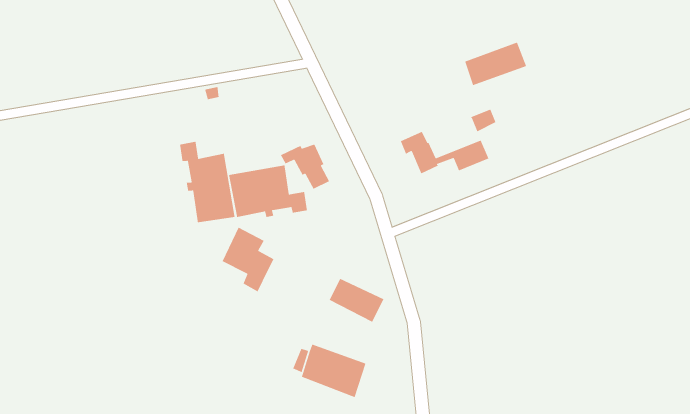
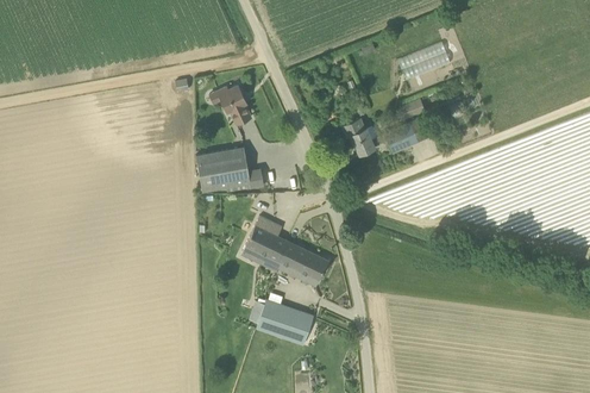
building: [179,141,235,223] -> none
building: [280,144,330,190] -> [208,86,251,125]
building: [221,227,275,292] -> [245,216,290,272]

